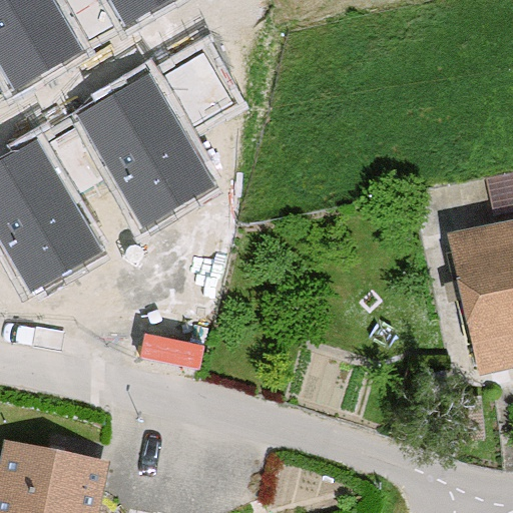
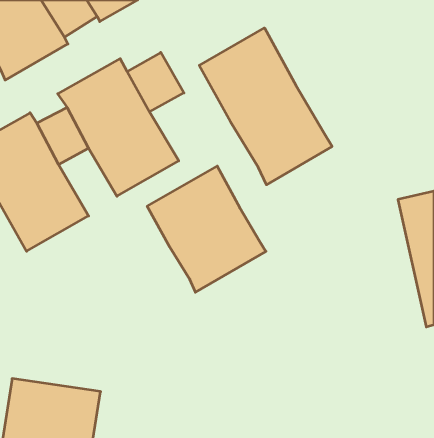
building: none -> [199,28,332,185]
building: none -> [147,166,266,292]

